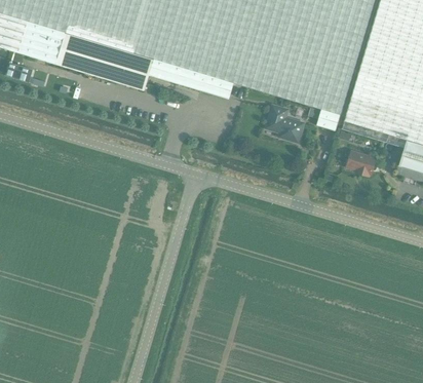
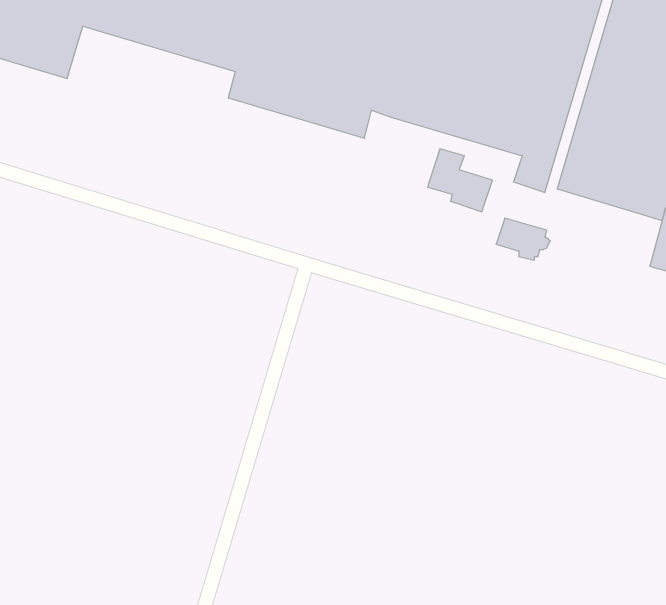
building: [54,32,153,89] -> none
building: [346,150,378,175] -> [496,218,550,260]

